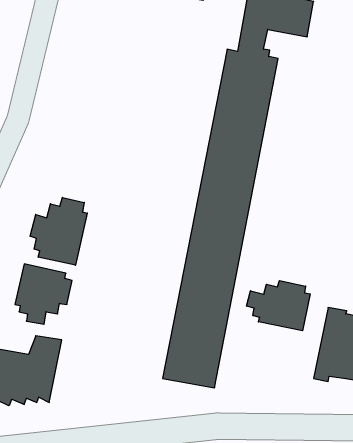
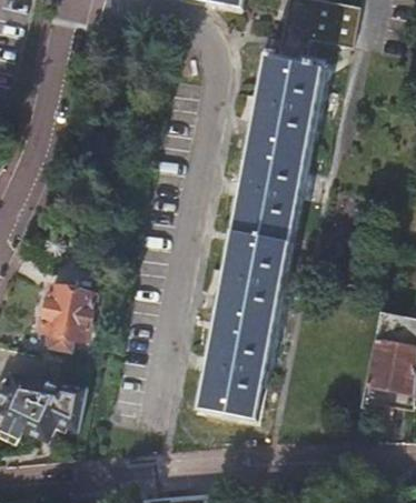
building: [30,197,87,265] -> none
building: [247,281,310,331] -> none

